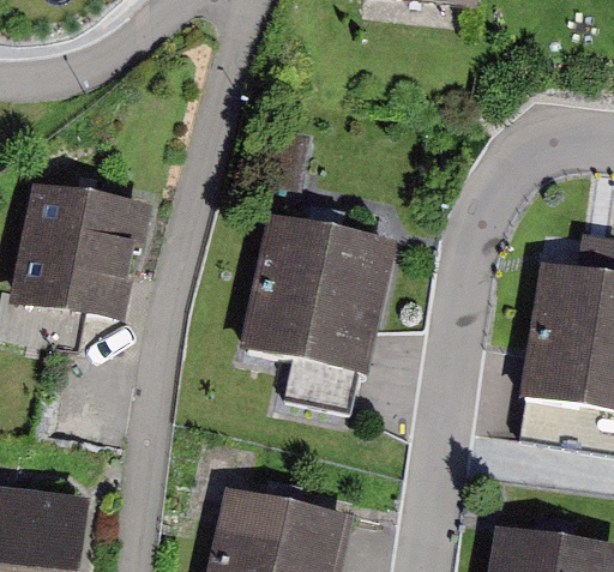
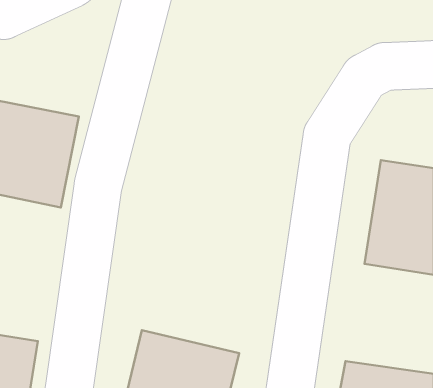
building: [240,212,398,377] -> none

